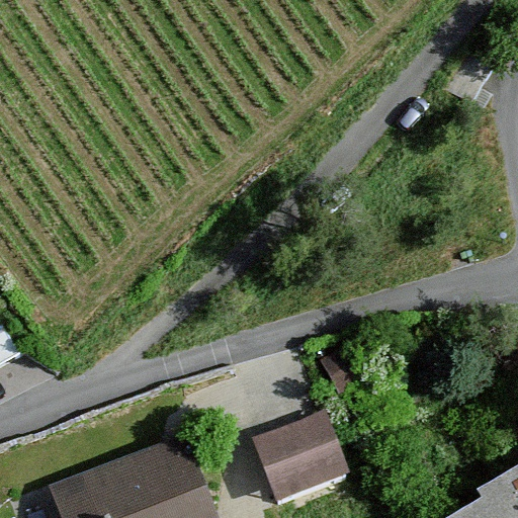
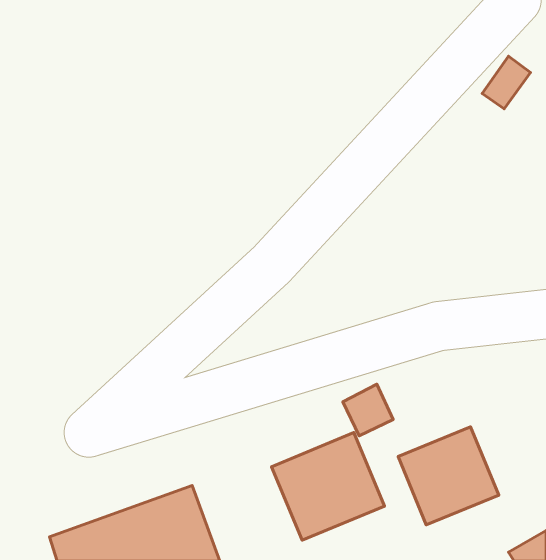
building: none -> [398,427,499,525]

